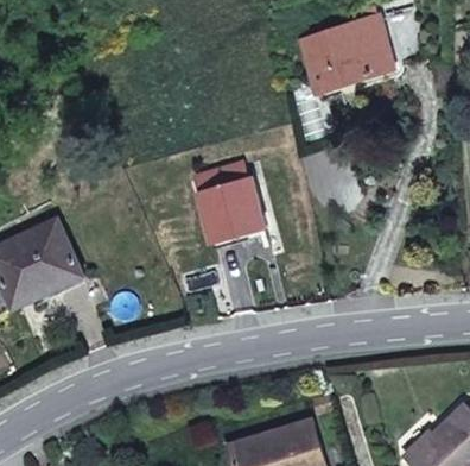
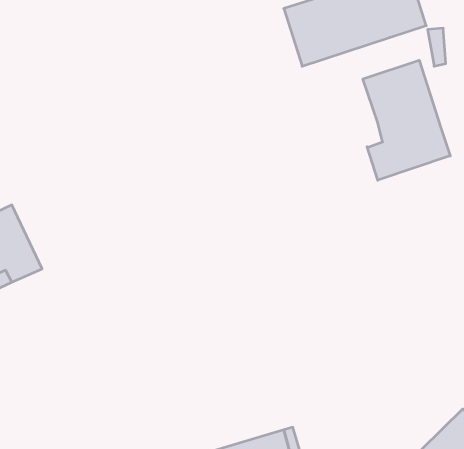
building: none -> [363,60,450,180]
building: [195,164,262,243] -> none

